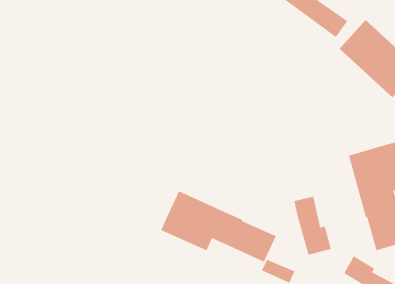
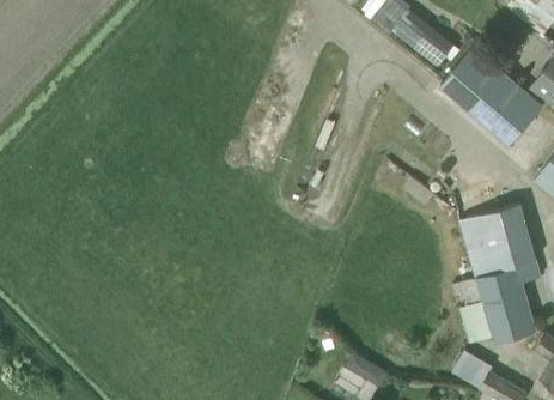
building: [160,191,276,262] -> none
building: [294,196,332,255] -> none

